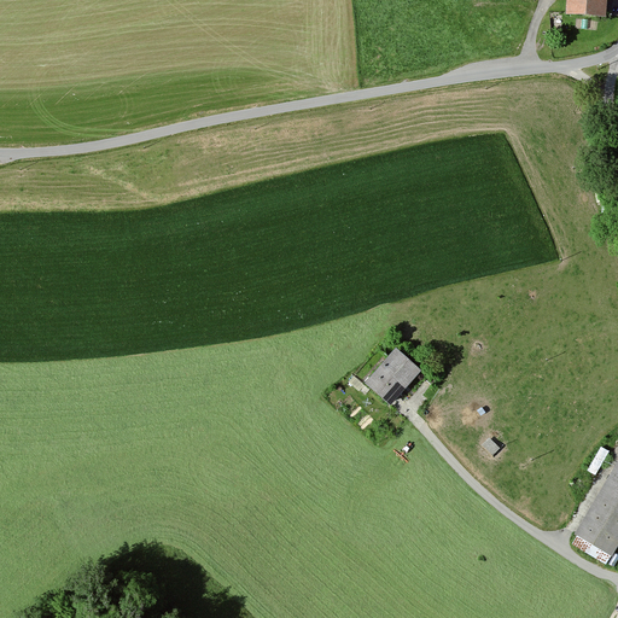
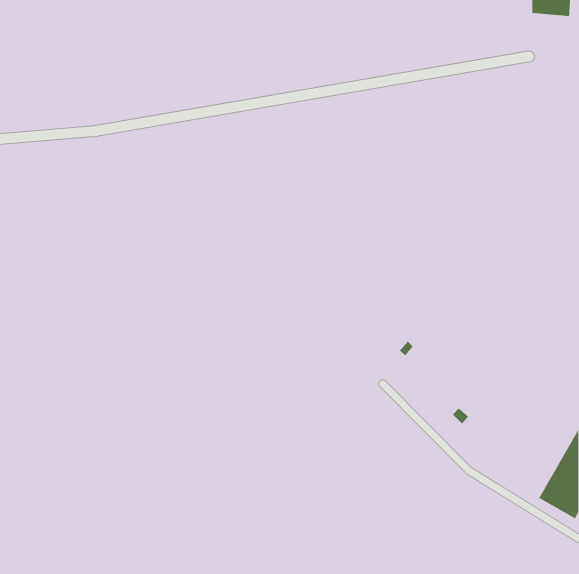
building: [365,346,420,403] -> none

